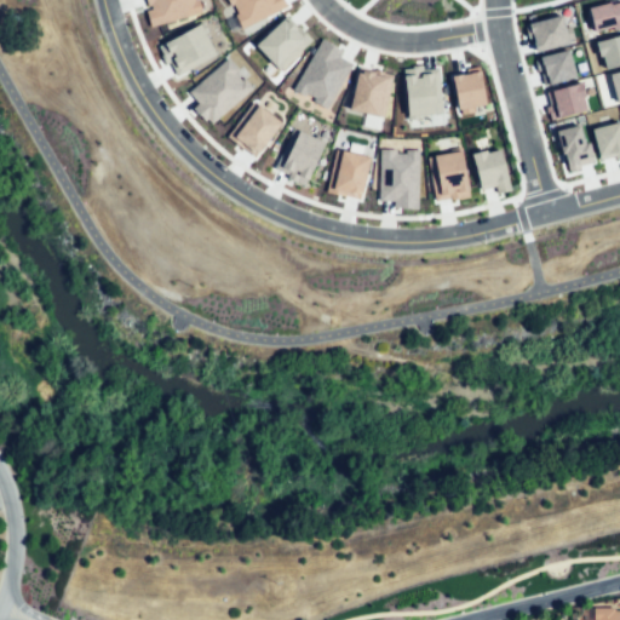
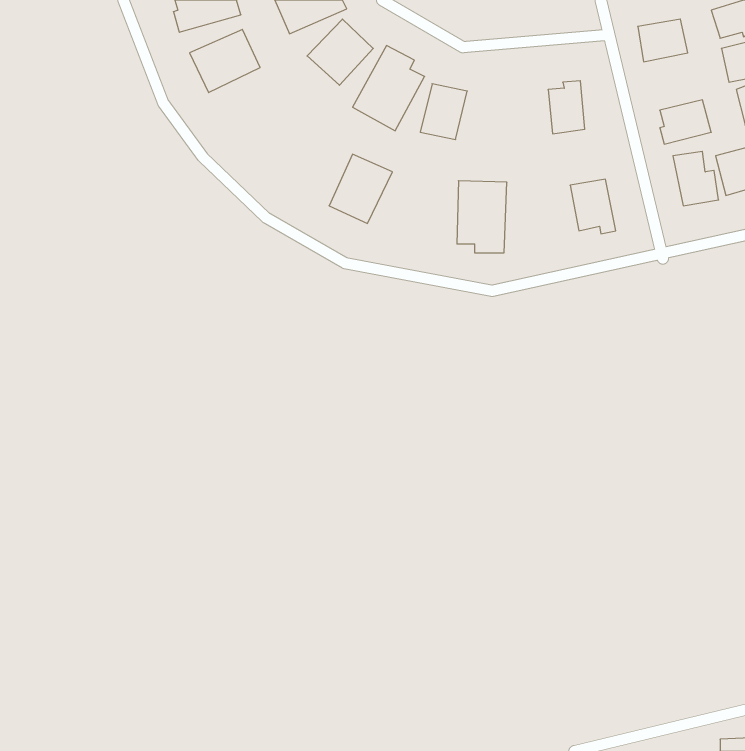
building: [540,50,578,85] -> none
building: [190,58,256,125] -> none
building: [406,65,443,117] -> none
building: [230,102,285,156] -> none
building: [329,149,372,197] -> none
building: [431,150,471,201] -> none

